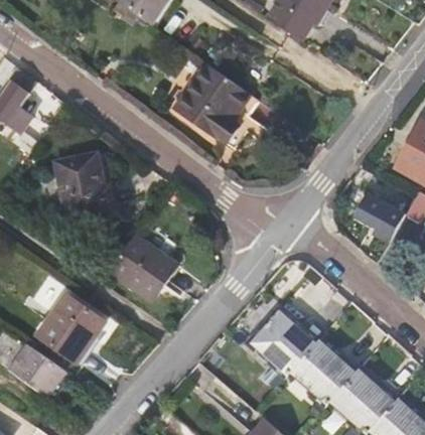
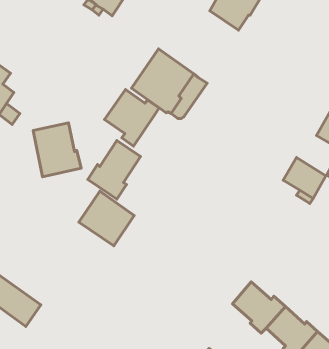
building: none -> [105,90,159,146]
building: none -> [88,141,141,199]
building: [37,292,106,361] -> none
building: [253,313,316,373] -> none

